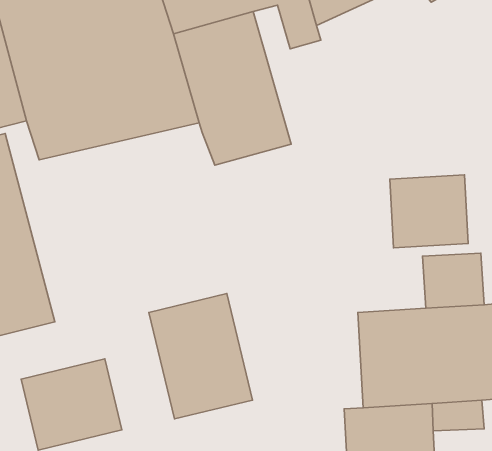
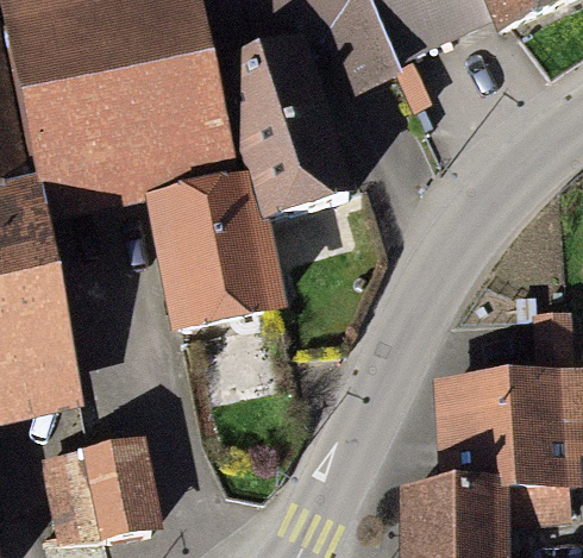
building: none -> [158,187,286,338]
building: [390,175,468,248] -> none
building: [149,293,253,419] -> none

